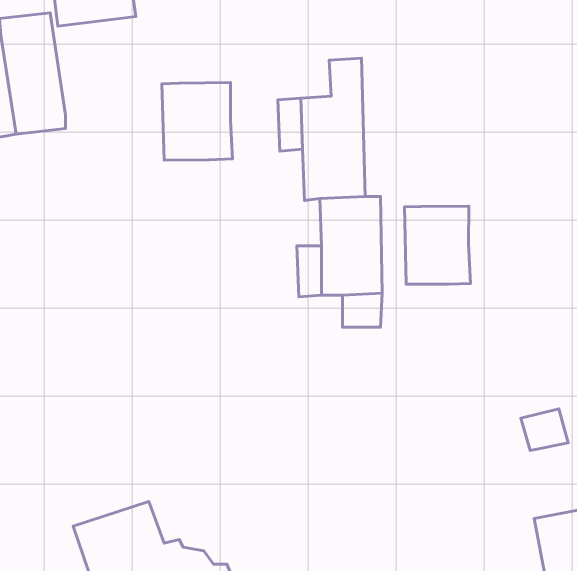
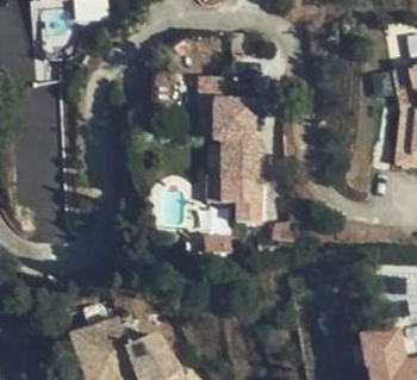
building: [162,83,233,160] -> none
building: [405,206,470,284] -> none

